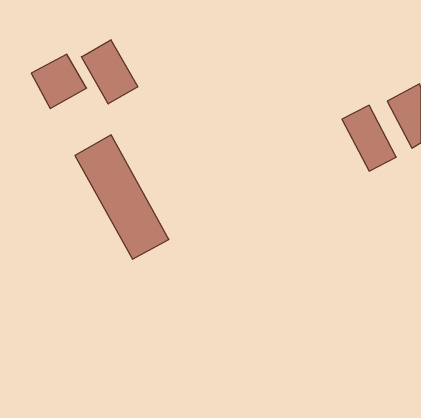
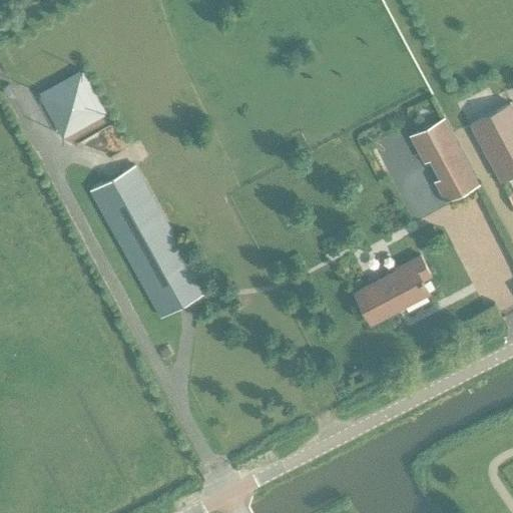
building: [81,40,138,104] -> none
building: none -> [356,256,431,325]

